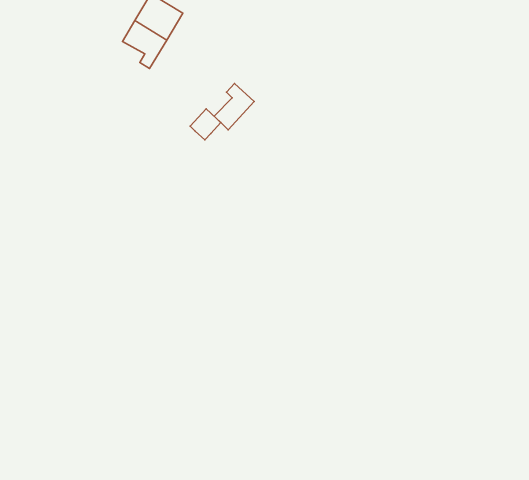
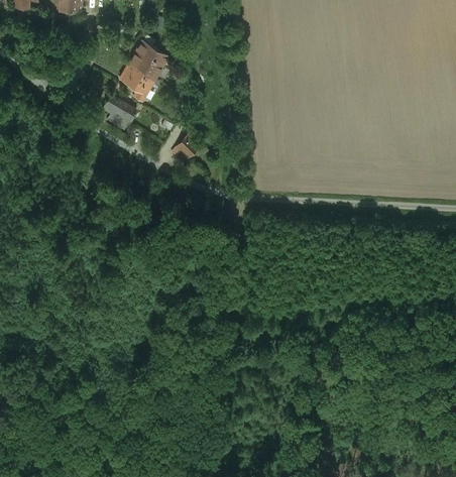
building: none -> [101,96,136,126]
building: [214,83,254,130] -> none

